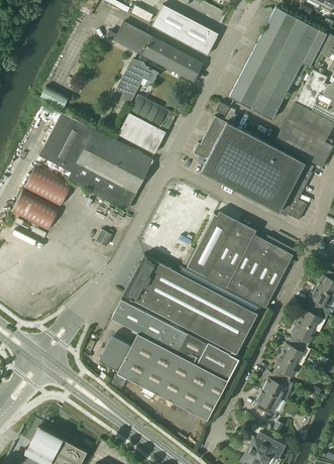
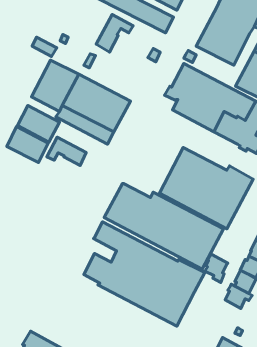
building: [117,95,176,153] -> none
building: none -> [47,137,86,166]
building: [254,389,281,422] -> [205,254,228,282]

